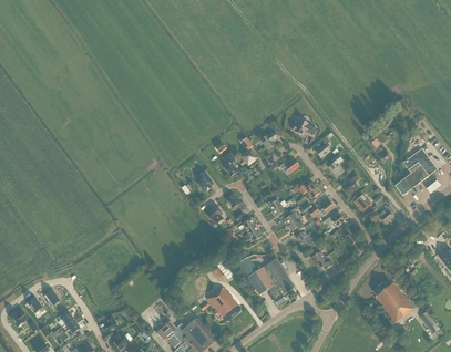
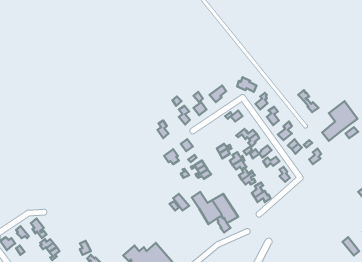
building: [372,279,412,325] -> none
building: [206,287,240,322] -> none

